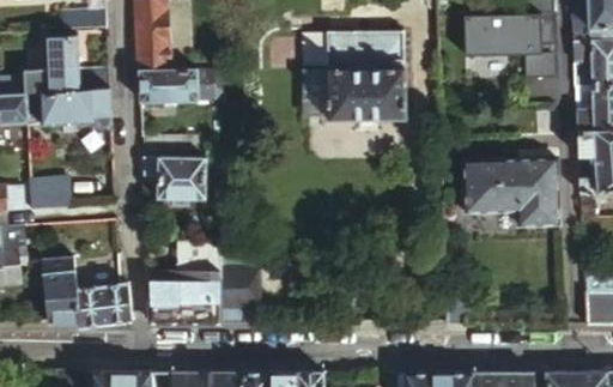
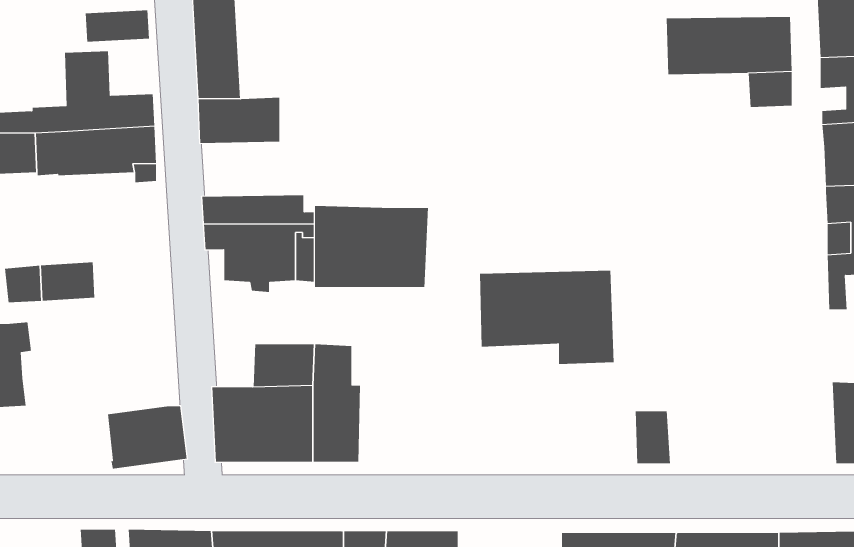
building: [303,31,421,120] -> none
building: none -> [314,205,429,288]
building: [466,159,560,225] -> [479,270,615,364]
building: [41,256,80,323] -> none

